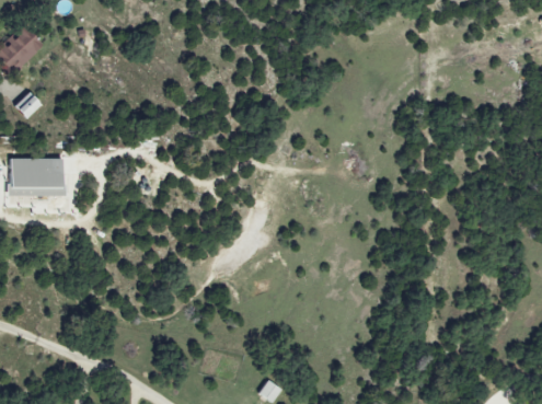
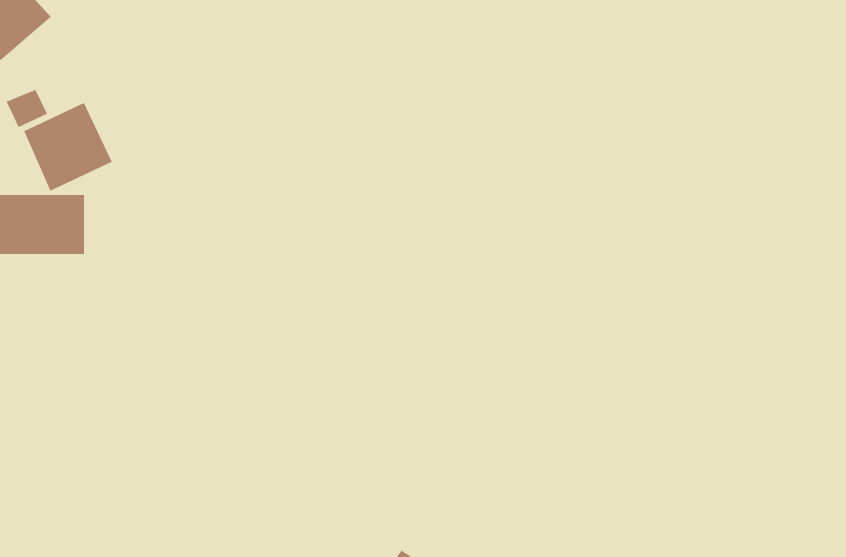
building: none -> [23,102,112,191]

